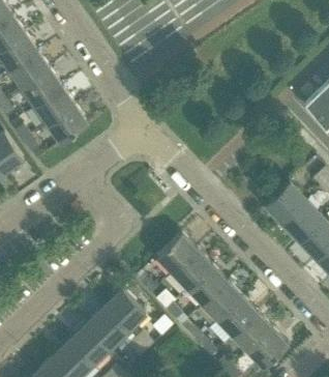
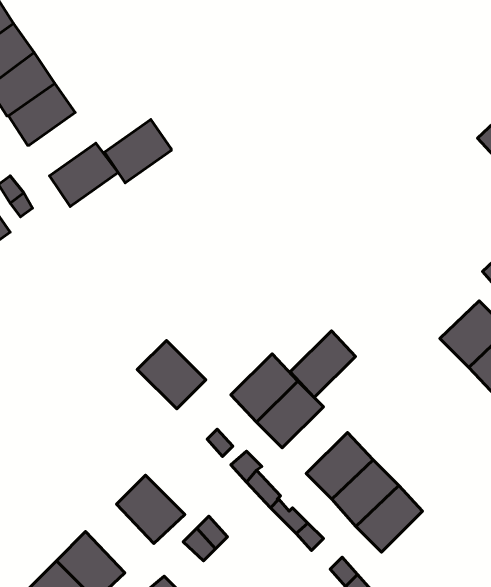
building: [34,88,74,126] -> [105,120,171,183]
building: [266,184,306,225] -> none
building: [187,266,227,307] -> [290,331,355,398]
building: [104,290,146,331] -> [137,340,206,409]
building: [68,325,110,367] -> none
building: [247,329,288,370] -> none

